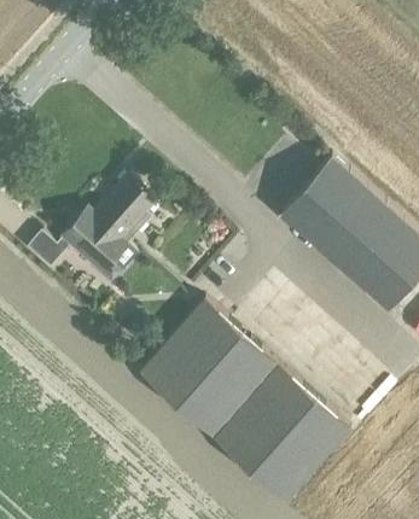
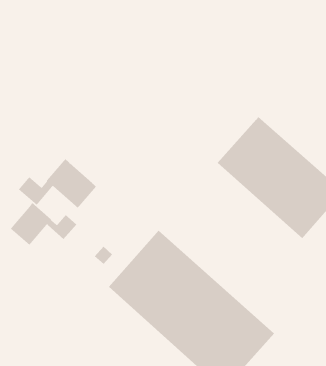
building: [92,175,156,240] -> none
building: none -> [10,202,77,246]

